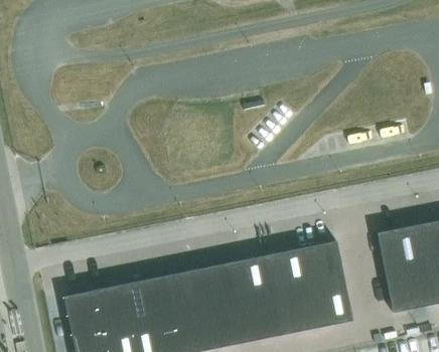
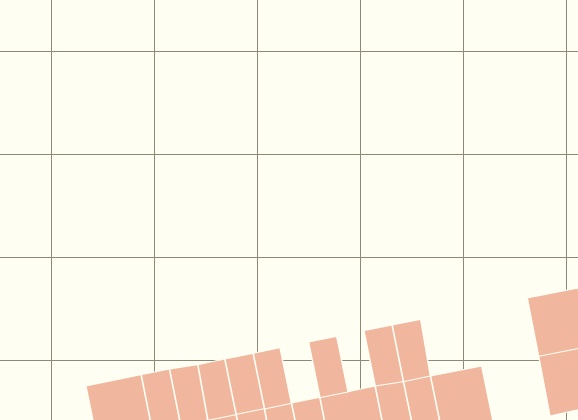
building: [301,241,344,289] -> none
building: [242,256,269,300] -> none
building: [201,265,230,308] -> none

